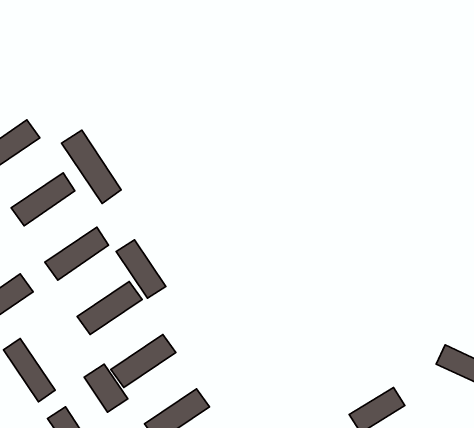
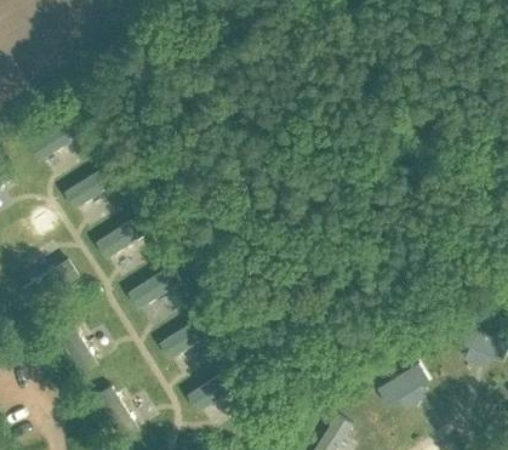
building: [61,130,121,203] -> none
building: [116,240,166,298] -> none
building: [84,364,128,412] -> none

